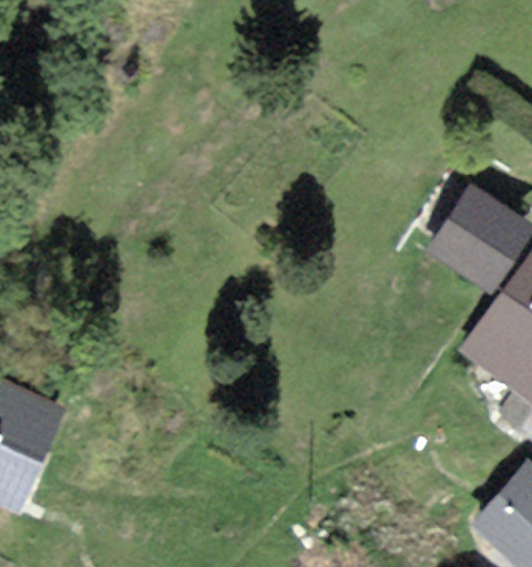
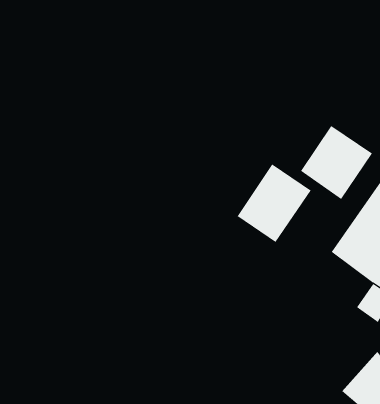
building: none -> [237,164,312,243]

